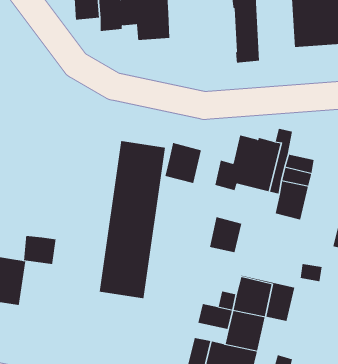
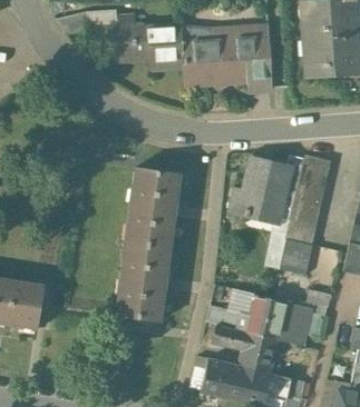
building: none -> [183,38,249,85]
building: none -> [300,153,331,186]
building: [165,142,201,184] -> none
building: [209,217,242,253] -> [280,238,312,274]
building: [23,235,56,265] -> none

